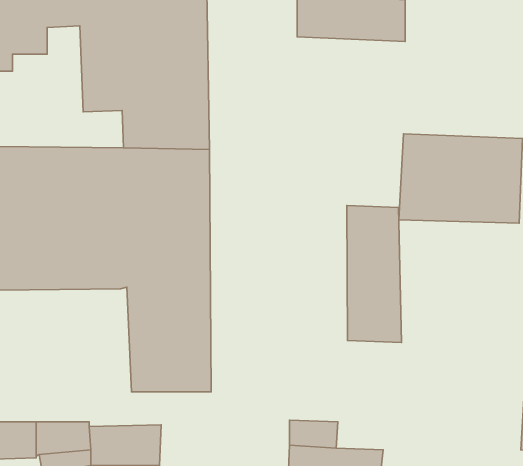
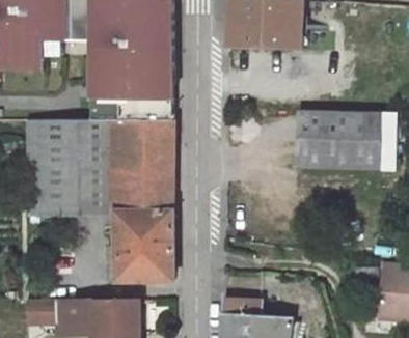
building: [347,206,401,343] -> none

